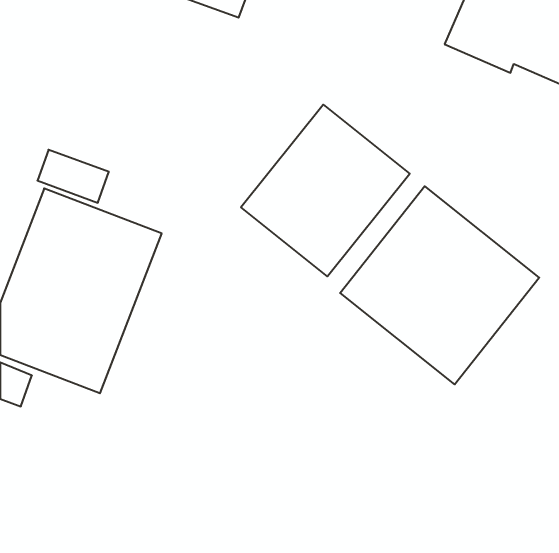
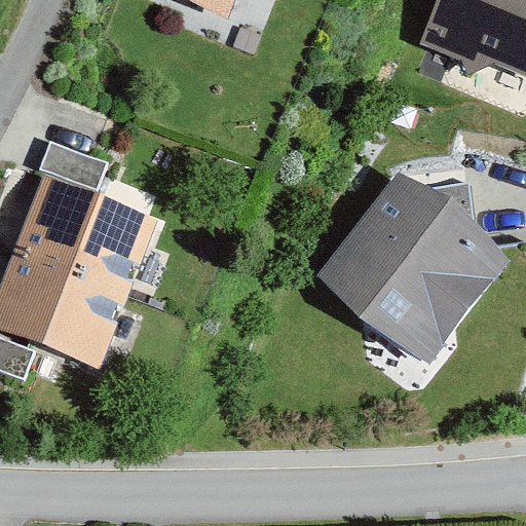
building: [241,105,410,276] -> none

